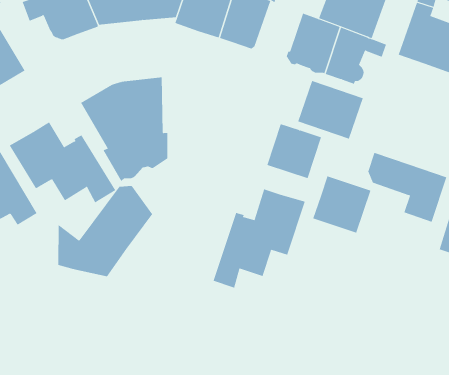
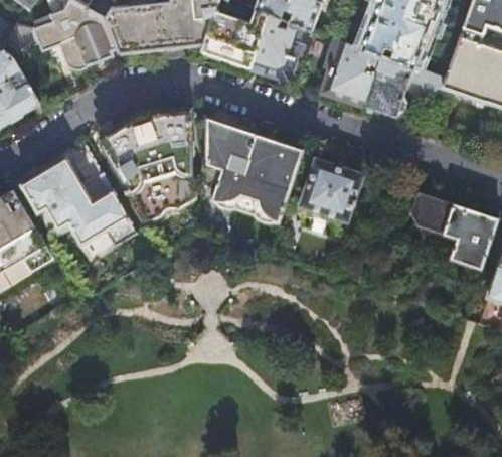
building: [297,80,363,139] -> none
building: none -> [206,117,302,222]
building: [313,176,371,234] -> none
building: [58,185,153,277] -> none
building: [213,188,305,288] -> none

